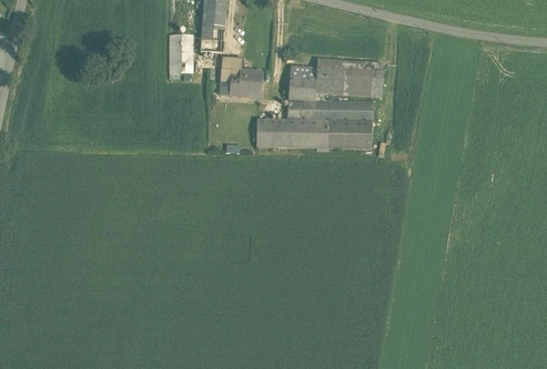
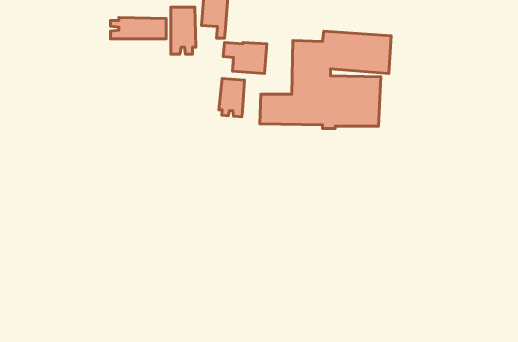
building: none -> [111,18,166,39]
building: none -> [219,79,245,117]

